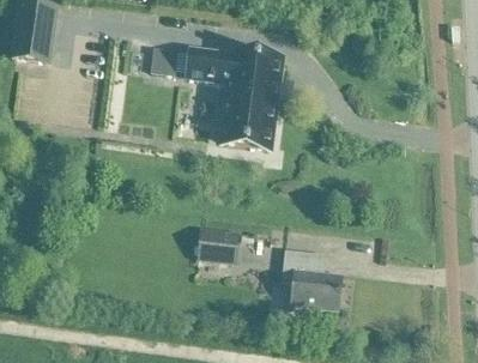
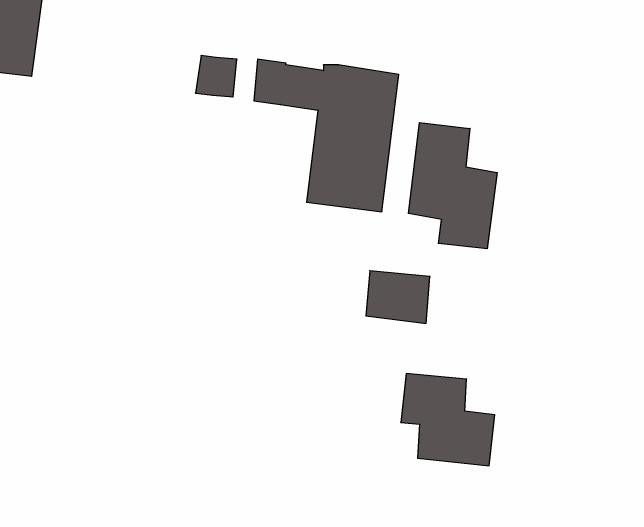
building: none -> [408,123,497,249]
building: [198,228,238,261] -> [366,271,430,323]

